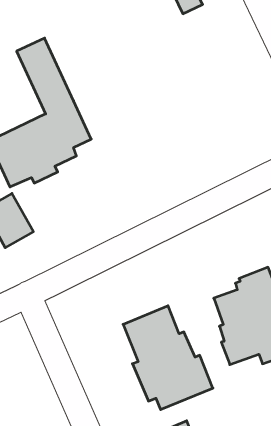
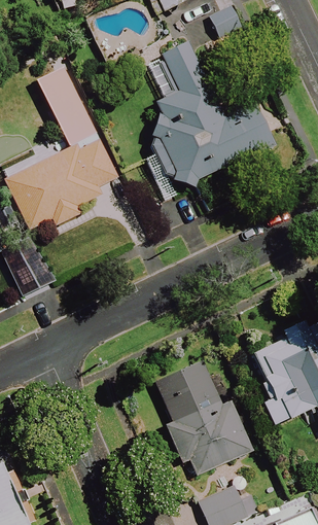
building: none -> [144,39,276,202]

